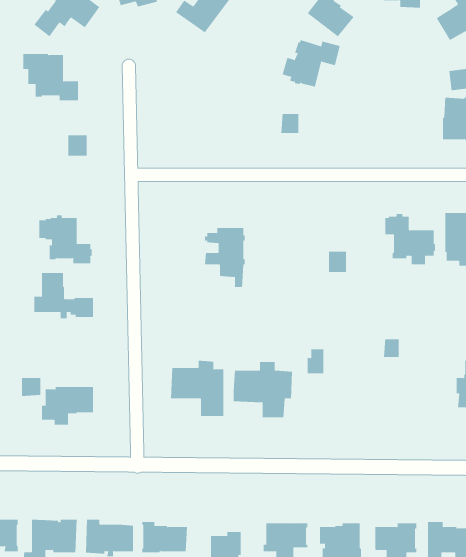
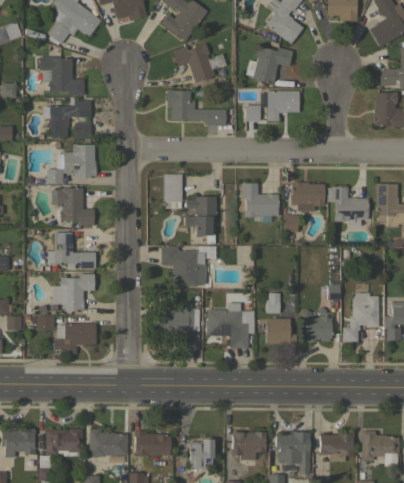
building: none -> [172,43,226,83]
building: none -> [167,90,226,125]
building: none -> [267,91,299,121]
building: none -> [44,97,91,137]
building: none -> [47,144,96,184]
building: none -> [163,174,182,208]
building: none -> [290,182,325,211]
building: none -> [241,183,279,217]
building: none -> [161,246,206,287]
building: none -> [52,274,95,313]
building: none -> [343,293,384,341]
building: none -> [302,307,333,342]
building: none -> [266,318,296,344]

